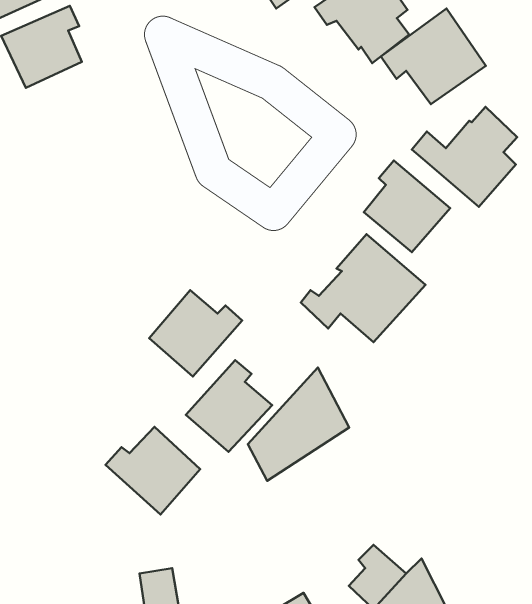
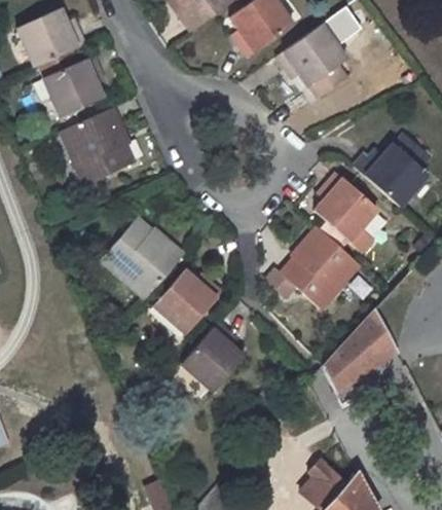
building: [381,8,486,104] -> none
building: none -> [62,108,135,184]
building: none -> [101,217,185,298]
building: [248,367,349,481] -> [323,307,399,393]
building: [105,427,200,514] -> none

